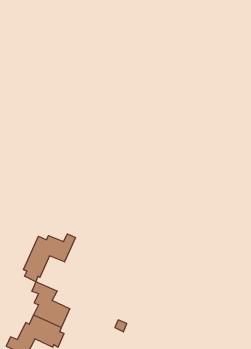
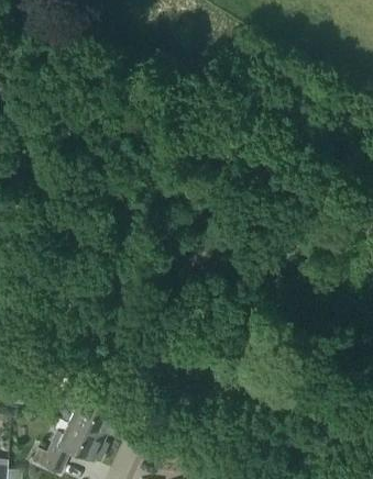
building: [23,234,75,282] -> none

